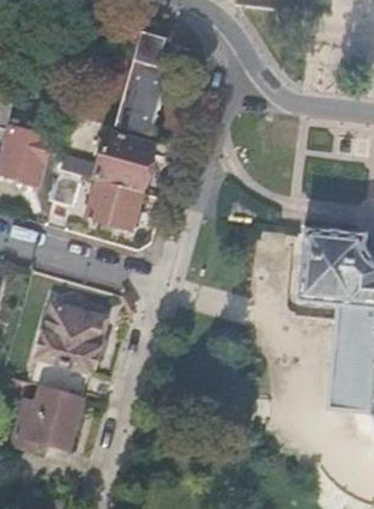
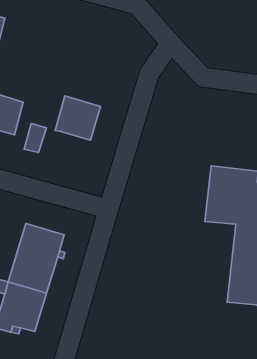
building: [116,25,169,134] -> none
building: [88,178,141,229] -> none

